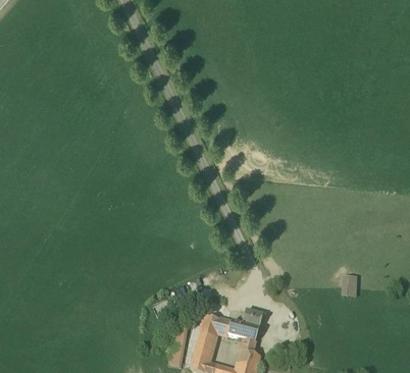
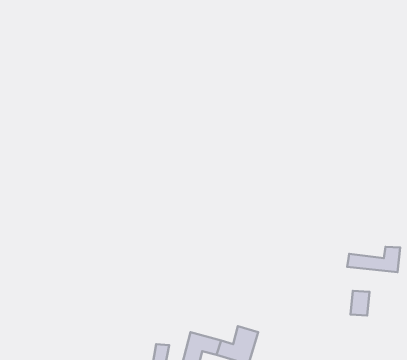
building: none -> [347,247,400,272]

